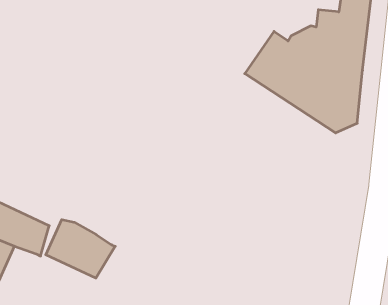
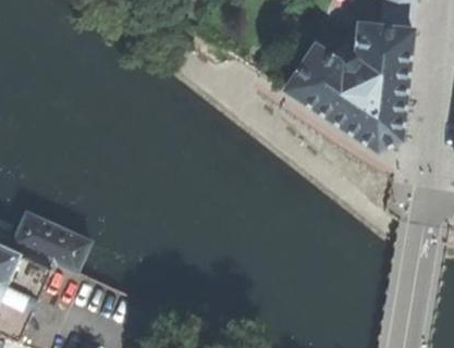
building: [46,220,115,278] -> none

